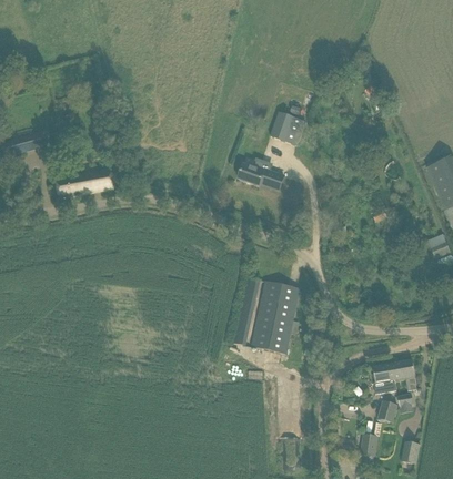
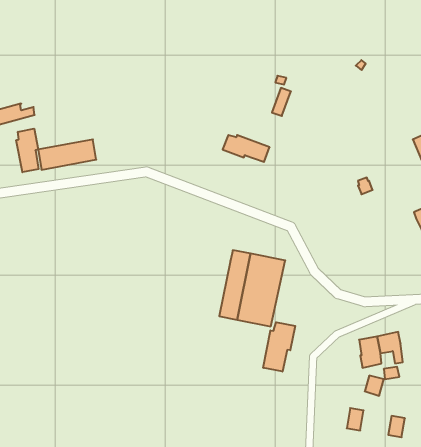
building: [270,112,295,142] -> none
building: none -> [16,129,39,172]
building: none -> [263,322,295,372]

